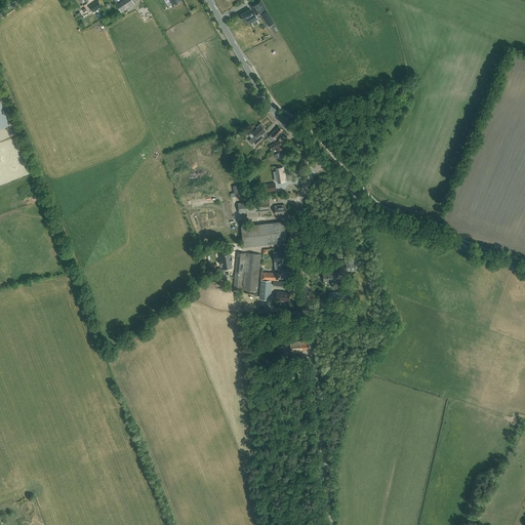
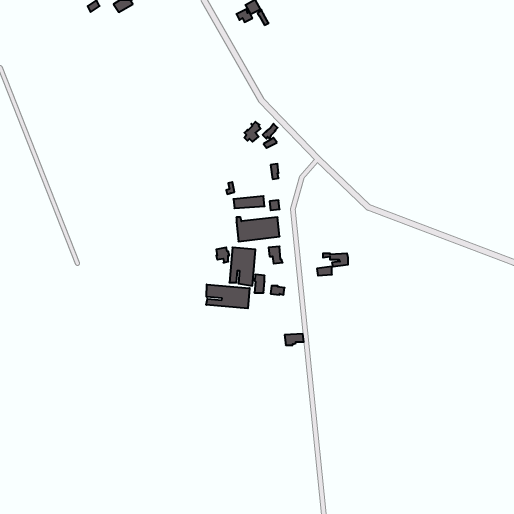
building: none -> [206,284,250,308]

